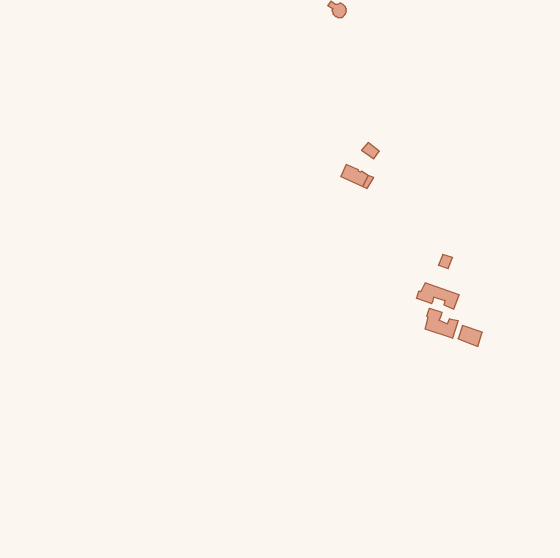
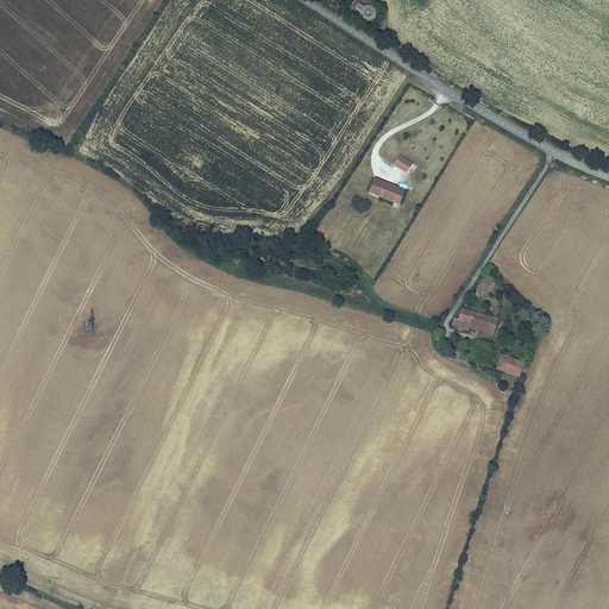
building: [425,308,458,338] -> none

